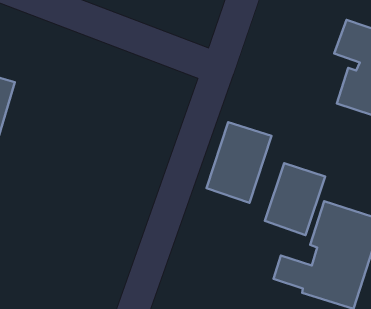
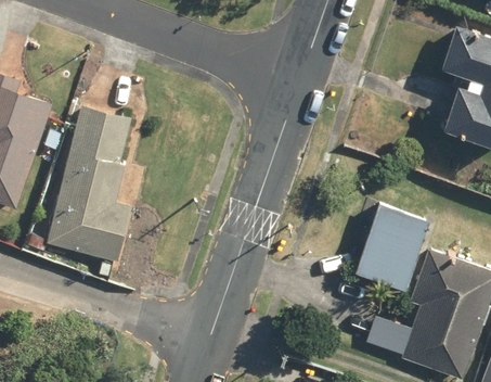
building: none -> [48,109,142,263]
building: [206,122,272,203] -> none

